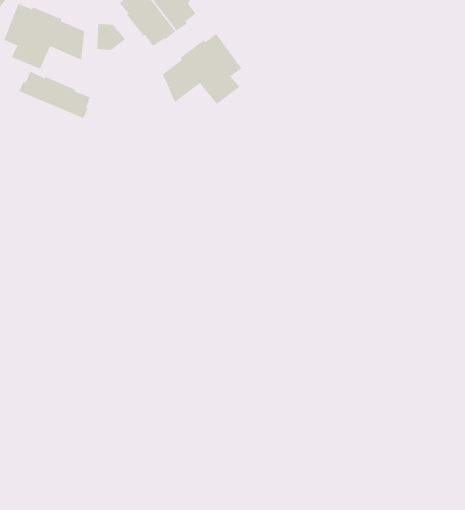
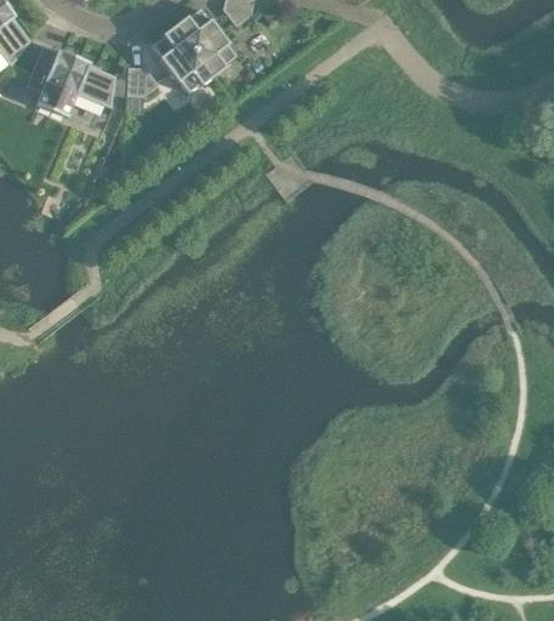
building: [162,33,242,105] -> none
building: [19,71,90,119] -> none

